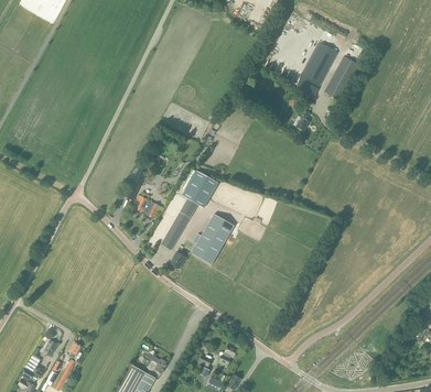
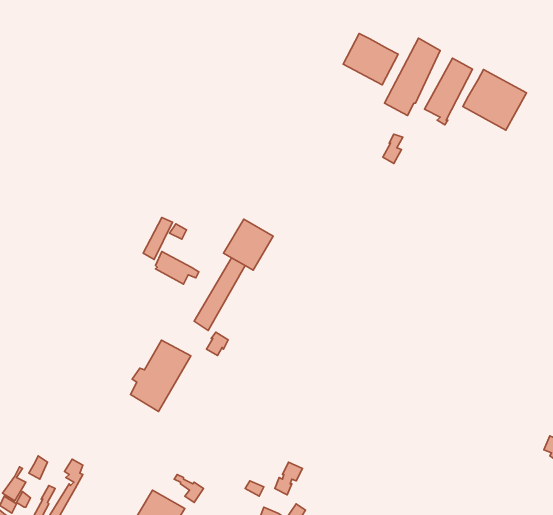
building: none -> [343,33,398,85]
building: none -> [463,69,527,130]
building: [191,214,234,264] -> [131,340,191,412]

